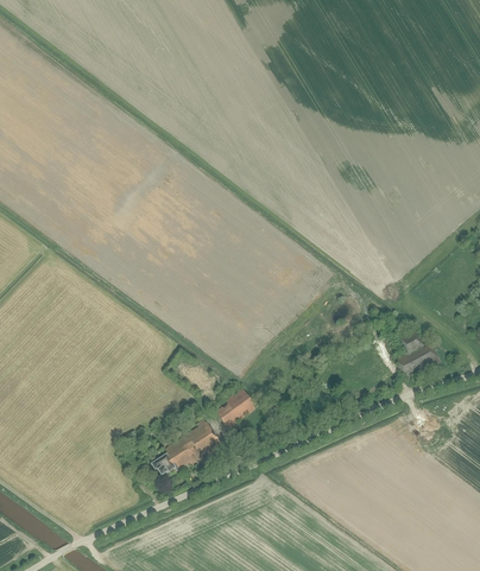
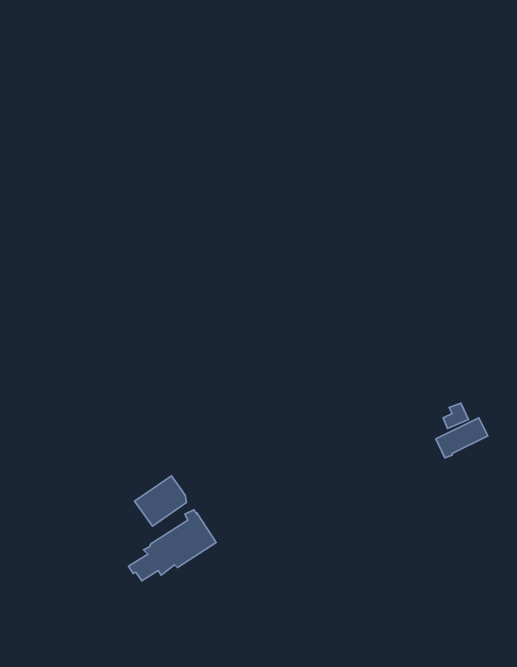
building: [213,387,254,427] -> [135,476,187,526]

